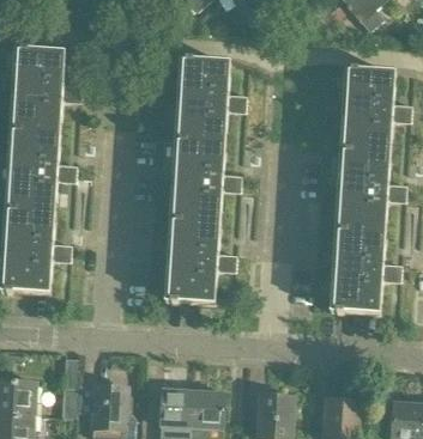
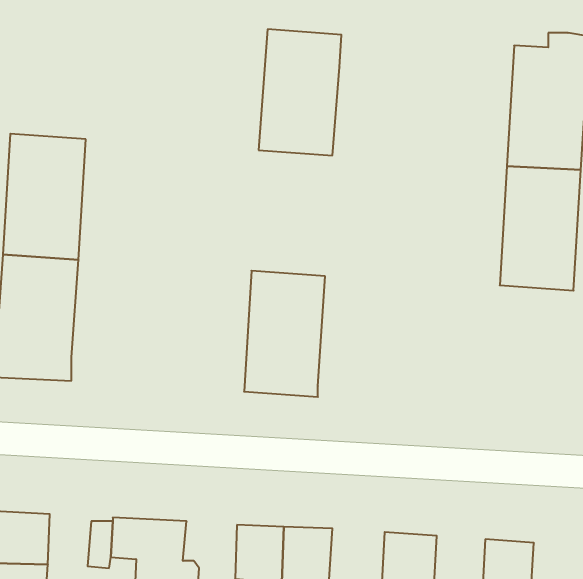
building: [11,48,66,132] -> none
building: [171,139,225,222] -> none
building: [331,228,386,312] -> none

